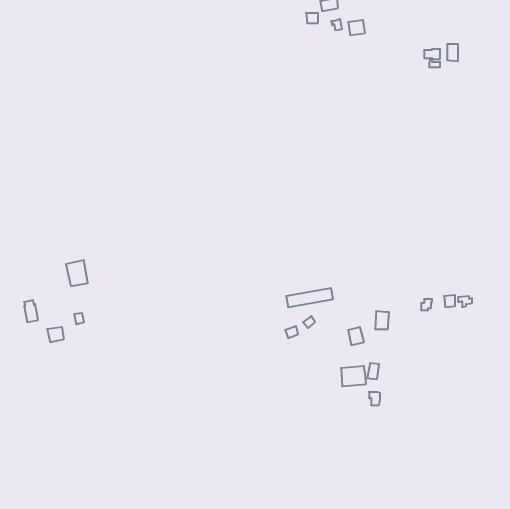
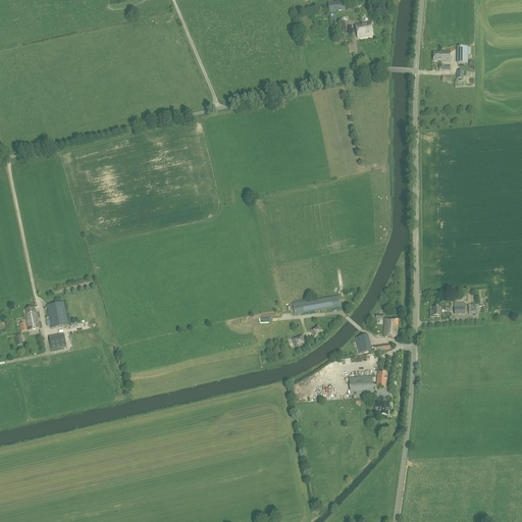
building: [66,260,88,286] -> [45,300,67,326]

